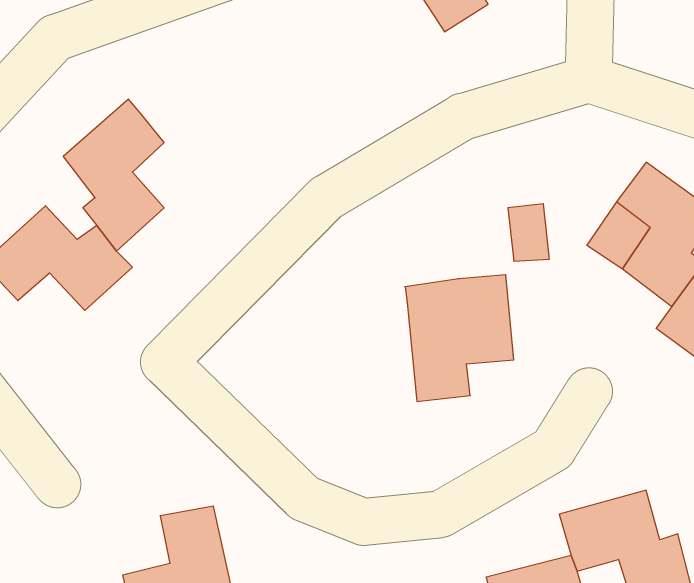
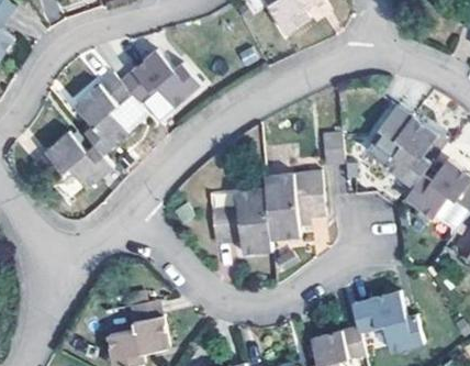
building: none -> [118,49,200,107]
building: none -> [209,185,272,254]

